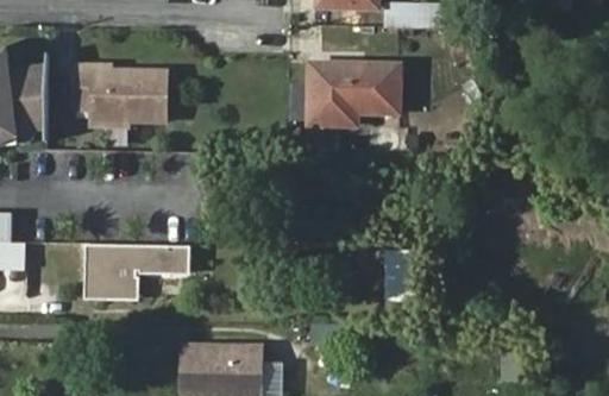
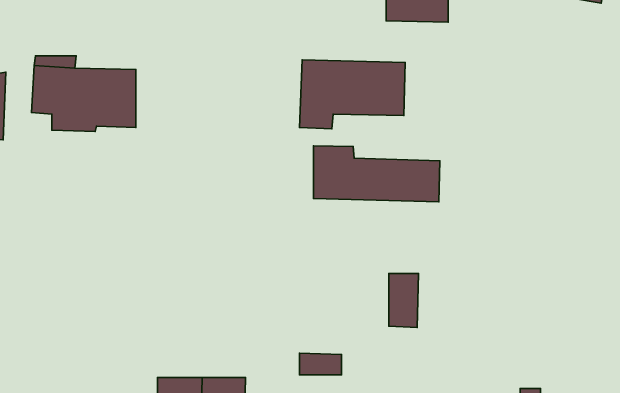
building: none -> [313,146,440,202]
building: [84,244,187,296] -> none

